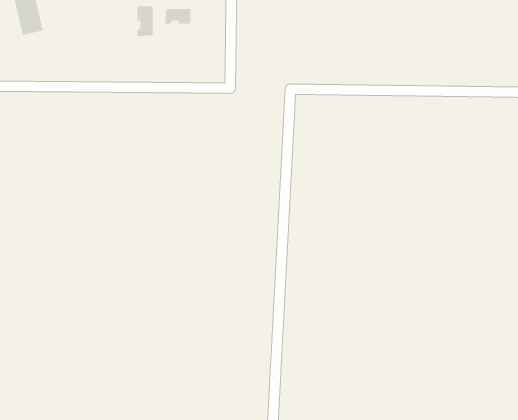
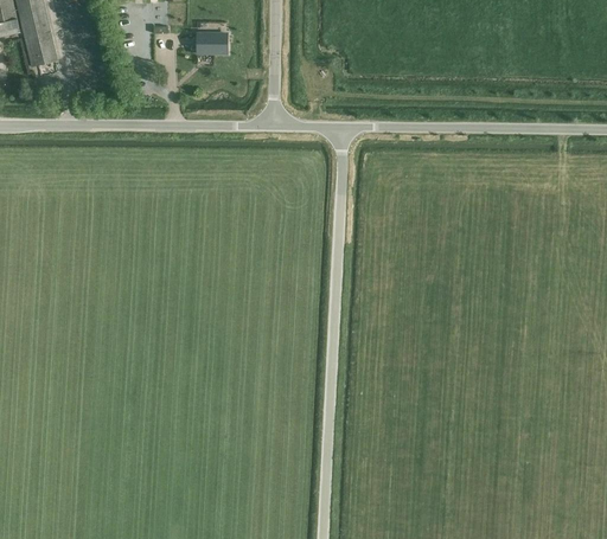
building: [136,5,153,37] -> none

